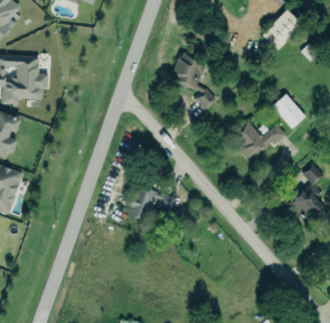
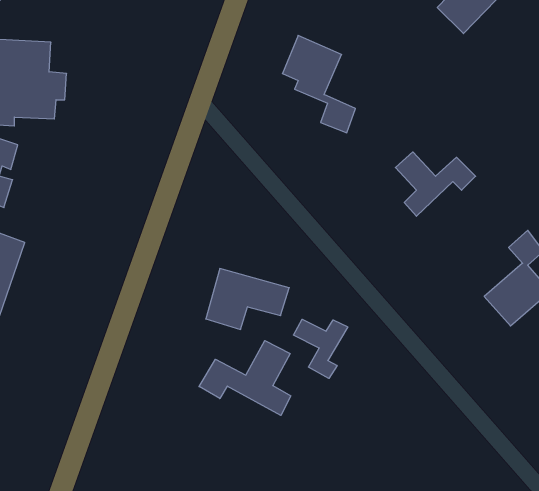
building: [271,89,304,128] -> none
building: none -> [293,319,348,378]
building: none -> [199,341,291,415]

